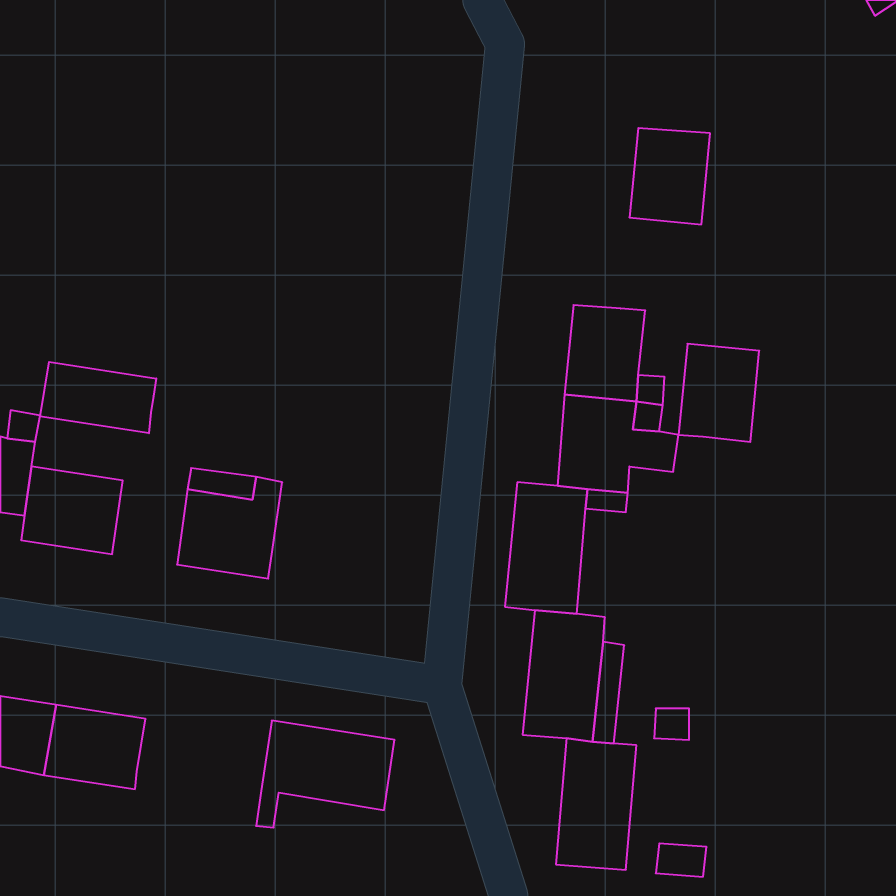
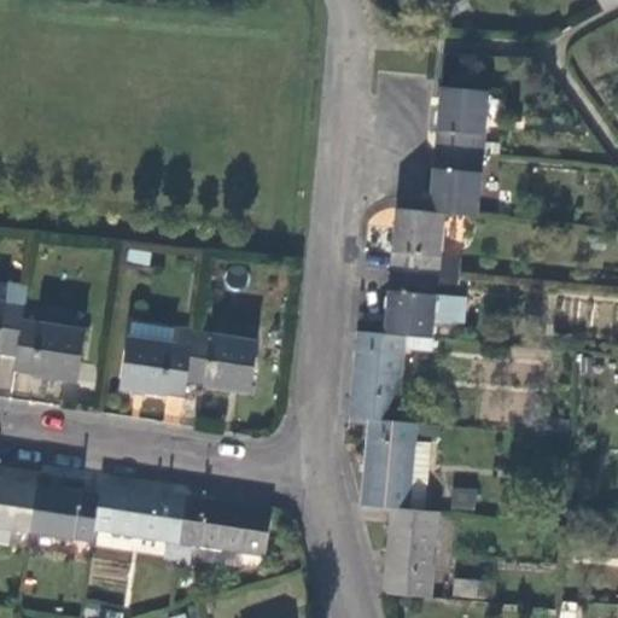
building: [679,344,759,442] -> [427,150,483,217]
building: [40,362,156,433] -> none
building: none -> [187,331,258,391]
building: none -> [94,483,187,544]

